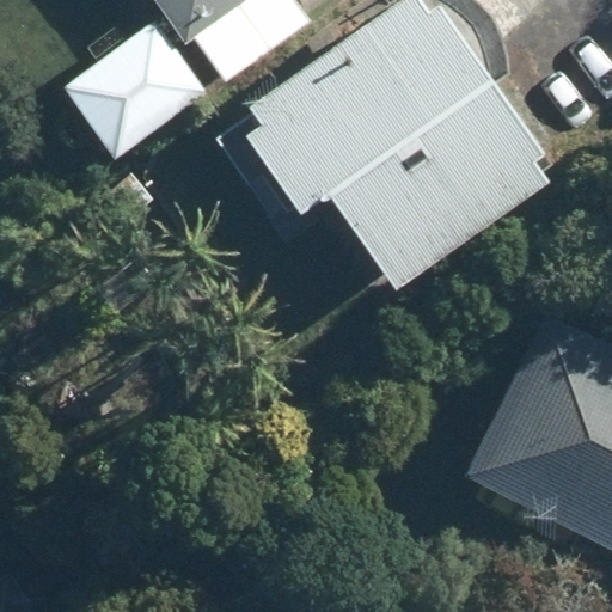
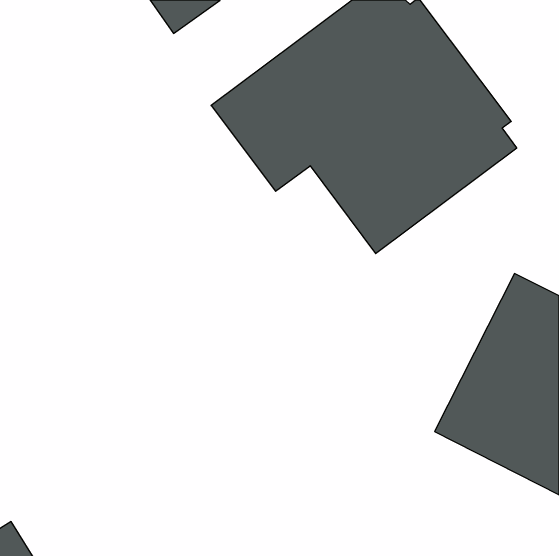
building: [59,26,208,175] -> none

